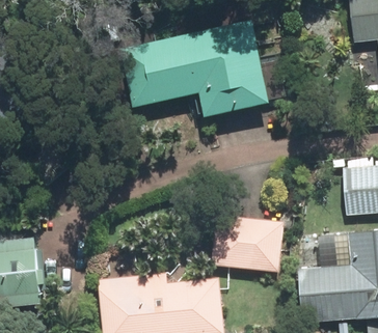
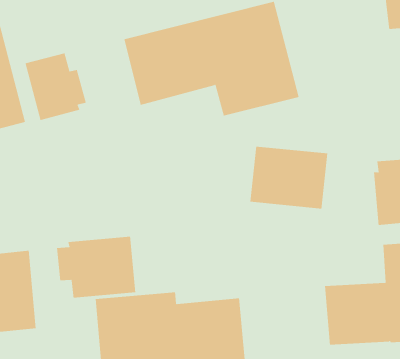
building: none -> [25,52,86,121]
building: [217,216,286,271] -> [250,146,328,209]
building: none -> [56,236,136,299]

